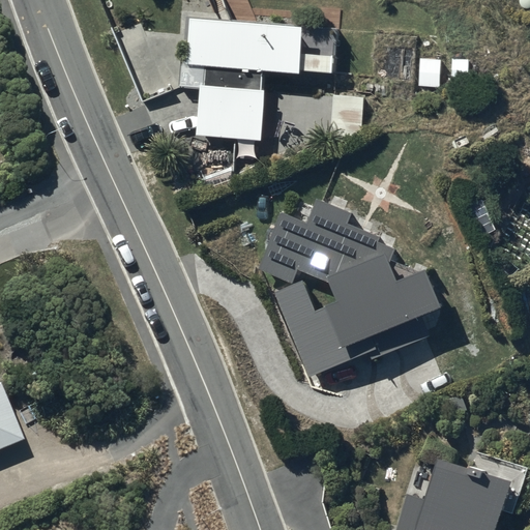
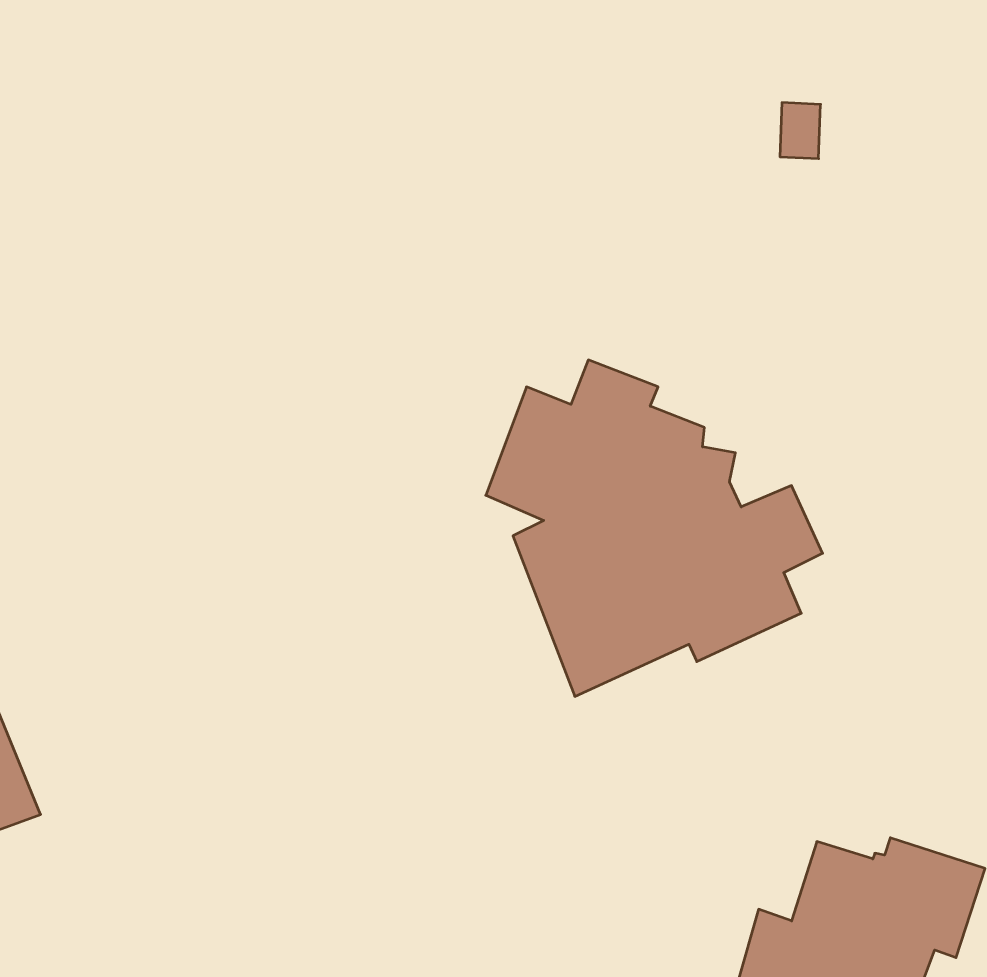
building: [185,17,333,142] -> none

